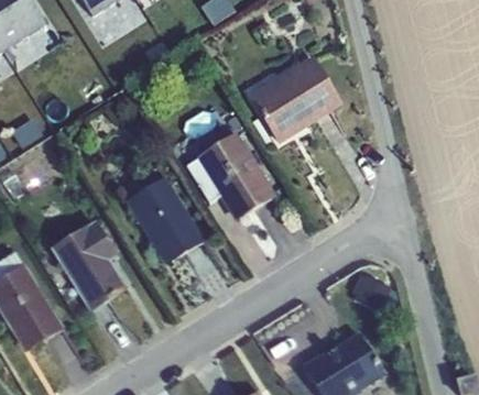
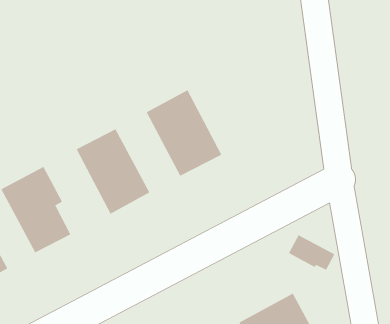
building: [249,56,342,144] -> none

